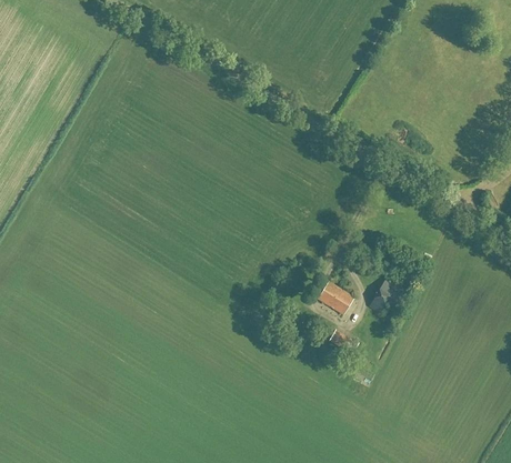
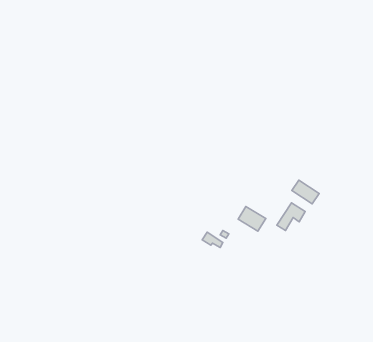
building: none -> [292,180,319,204]

